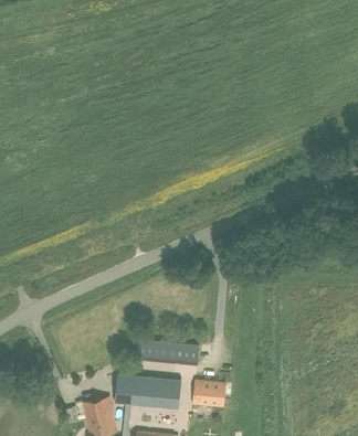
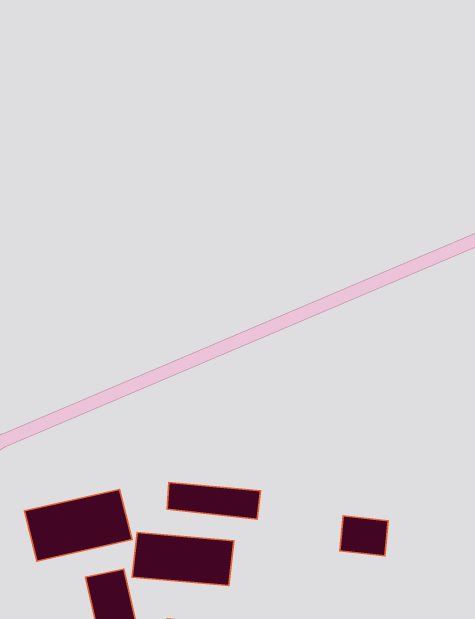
building: none -> [24,489,132,561]
building: [193,380,225,406] -> [340,516,388,556]

